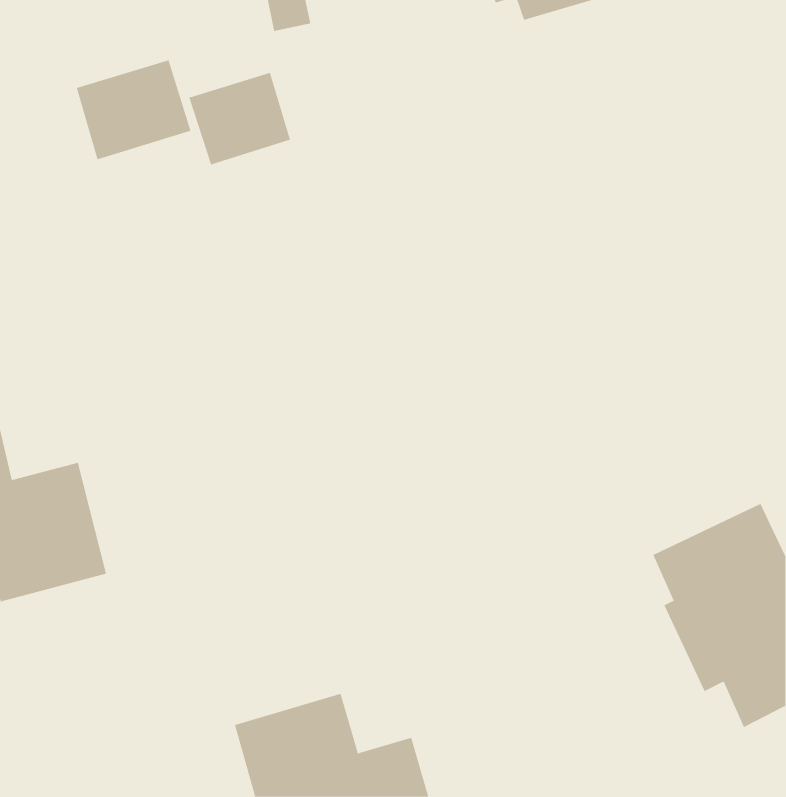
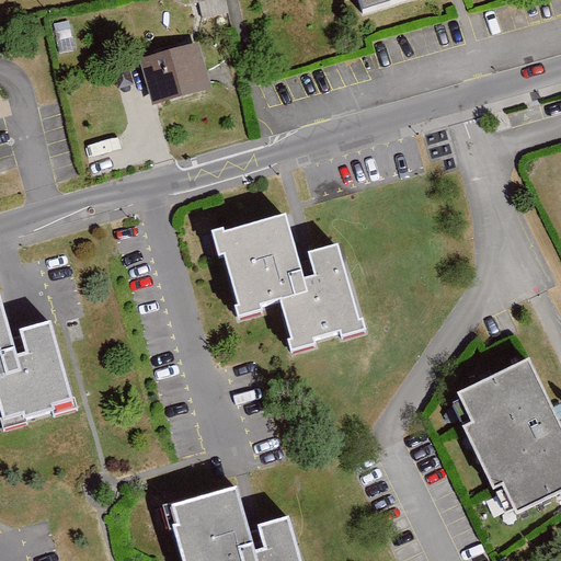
building: [76,59,191,160] -> none
building: none -> [209,210,365,352]

